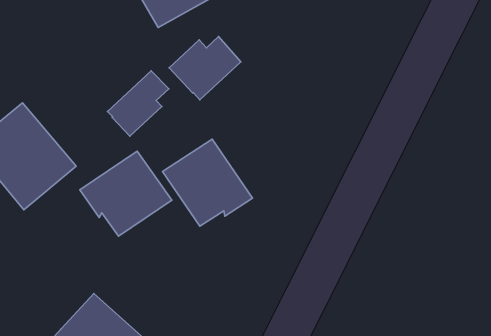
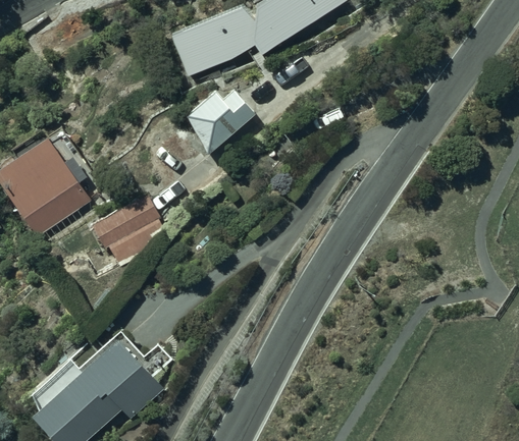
building: [107,71,169,136] -> none
building: [163,139,252,226] -> none

